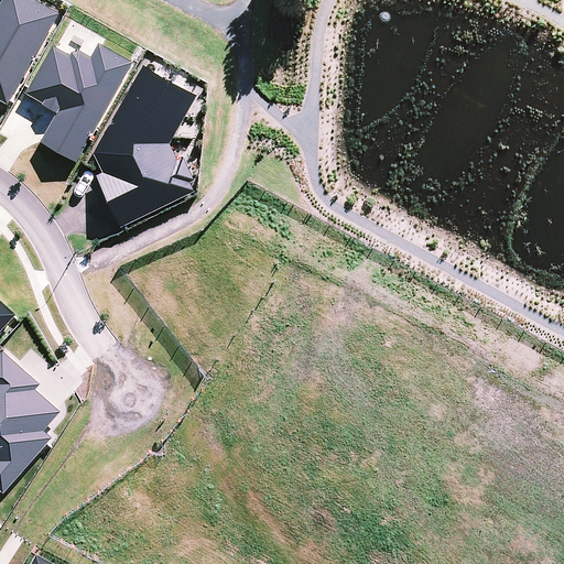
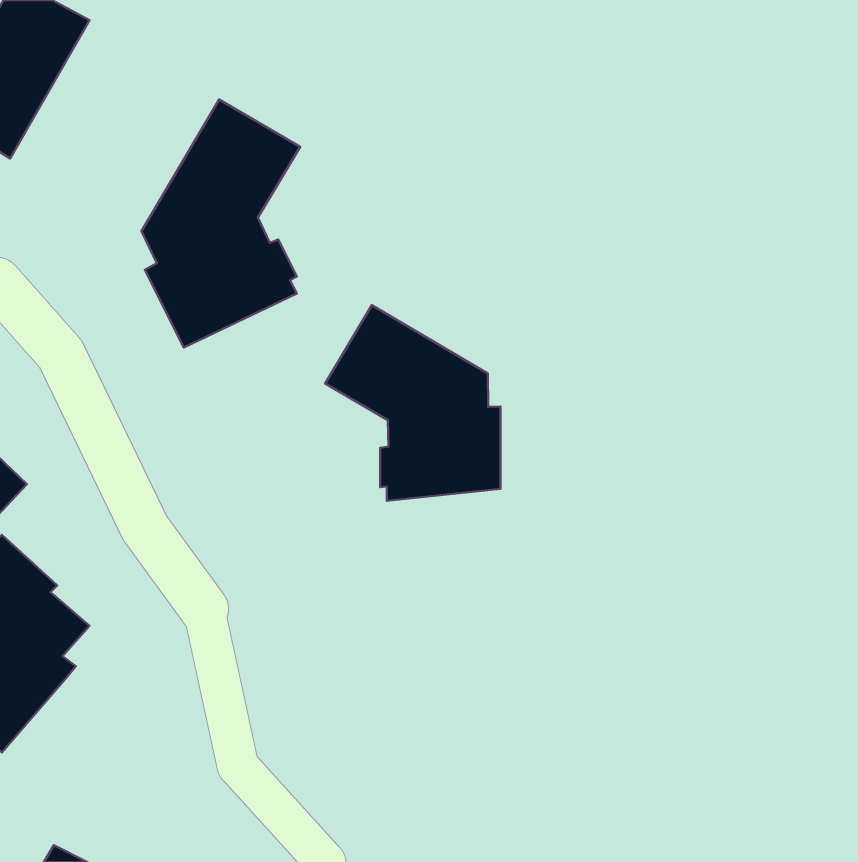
building: [25,43,132,162] -> none
building: none -> [325,305,501,501]

